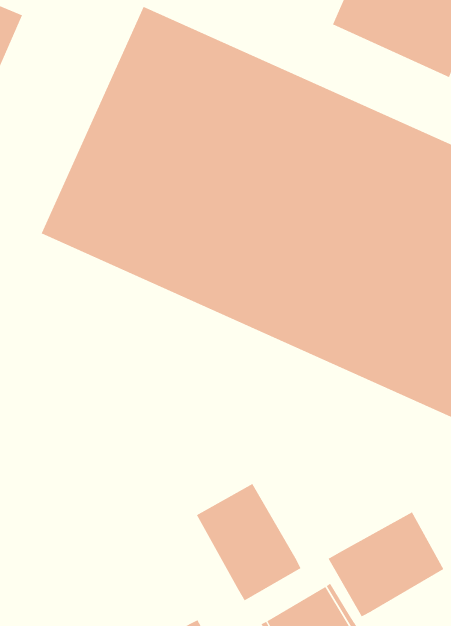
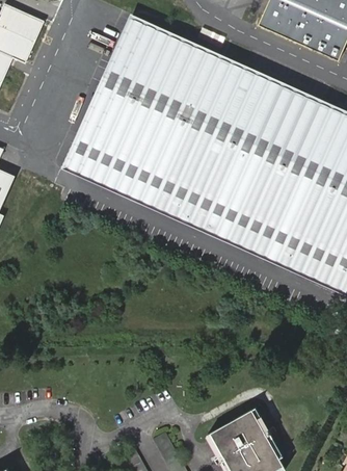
building: [196,483,301,601] -> none
building: [328,512,444,617] -> none

